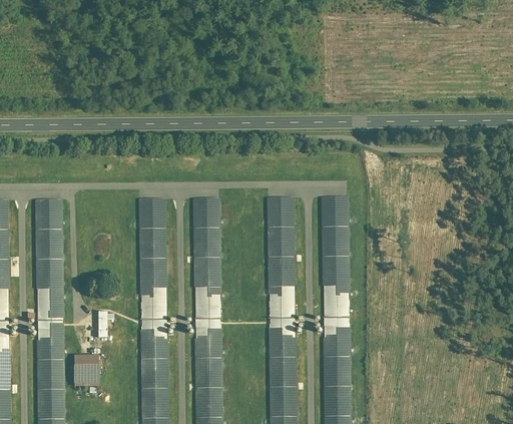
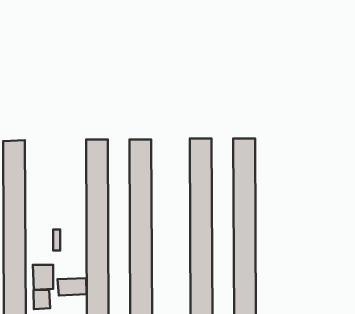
building: none -> [57,278,86,296]
building: none -> [33,290,50,309]

